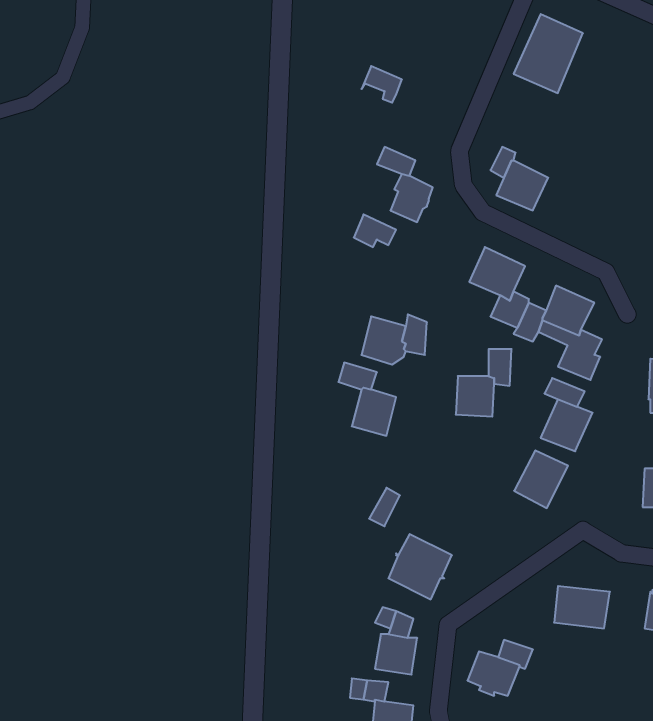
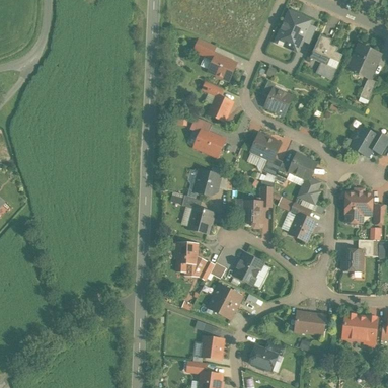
building: none -> [309,34,341,80]
building: none -> [208,54,235,81]
building: none -> [195,130,224,156]
building: [514,450,568,508] -> [233,254,261,285]
building: none -> [176,242,197,271]

